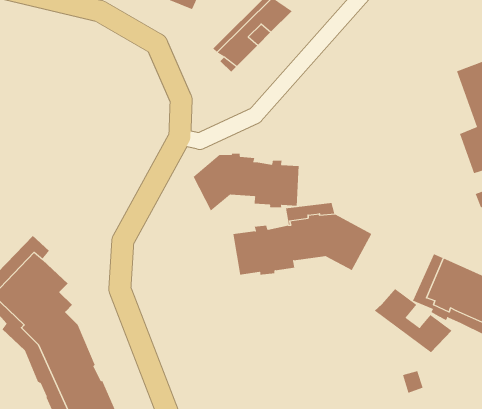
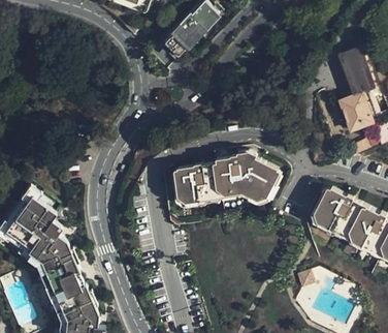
building: [193,153,299,211] -> none
building: [374,288,452,353] -> none

